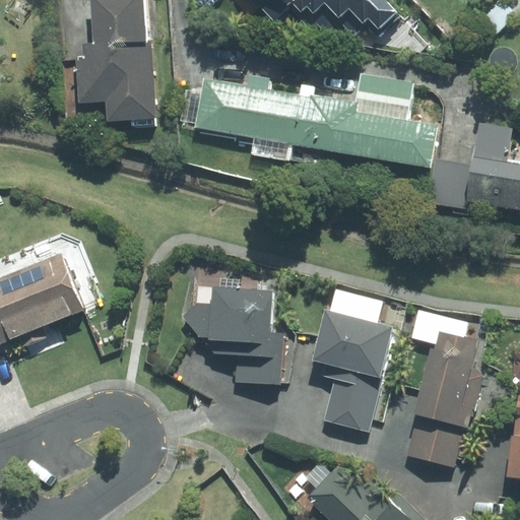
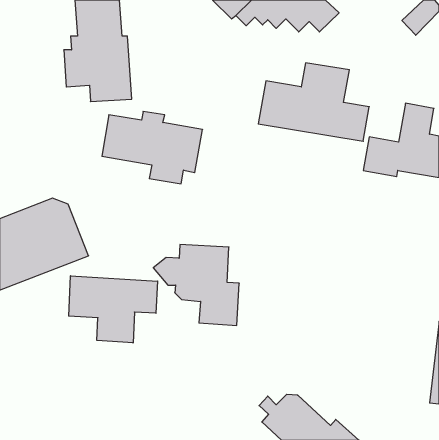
building: [195,74,314,159] -> [102,111,203,184]
building: [311,289,395,432] -> none
building: [406,310,482,467] -> none
building: none -> [69,276,158,343]

